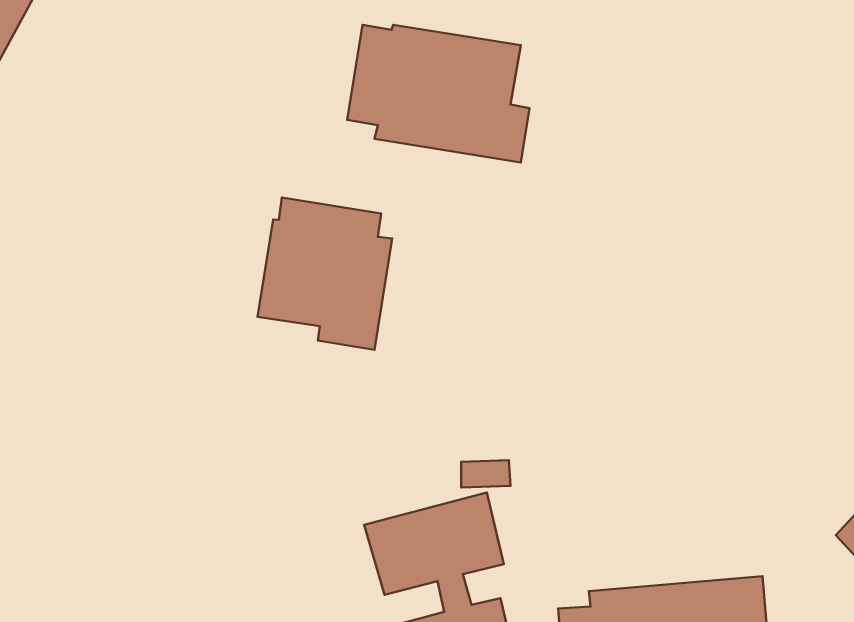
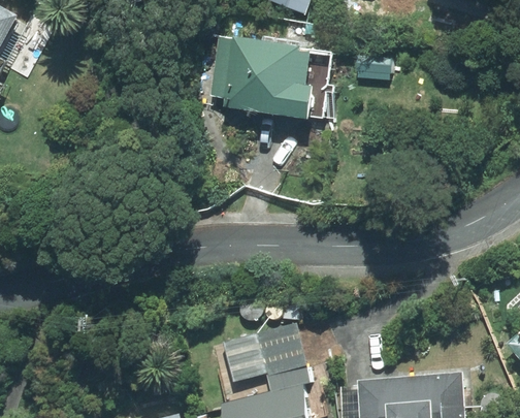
building: [257,198,392,350] -> none

